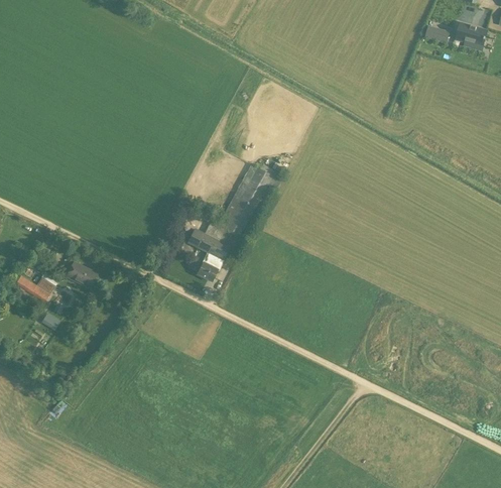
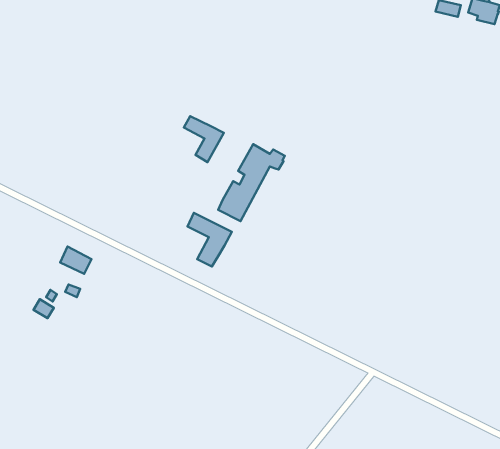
building: none -> [184,116,224,162]
building: [14,274,54,301] -> none

